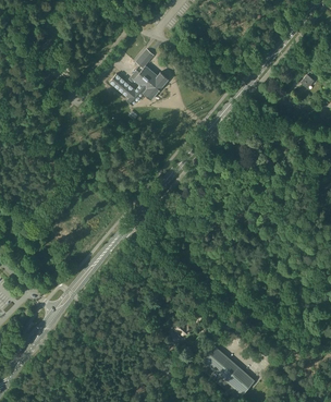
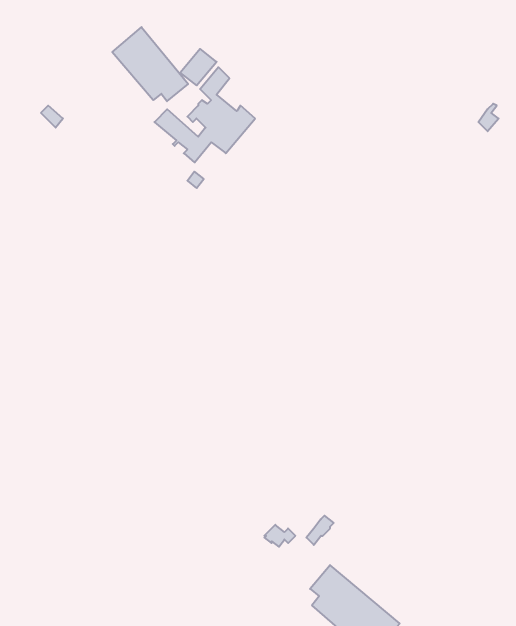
building: none -> [112,27,188,101]

